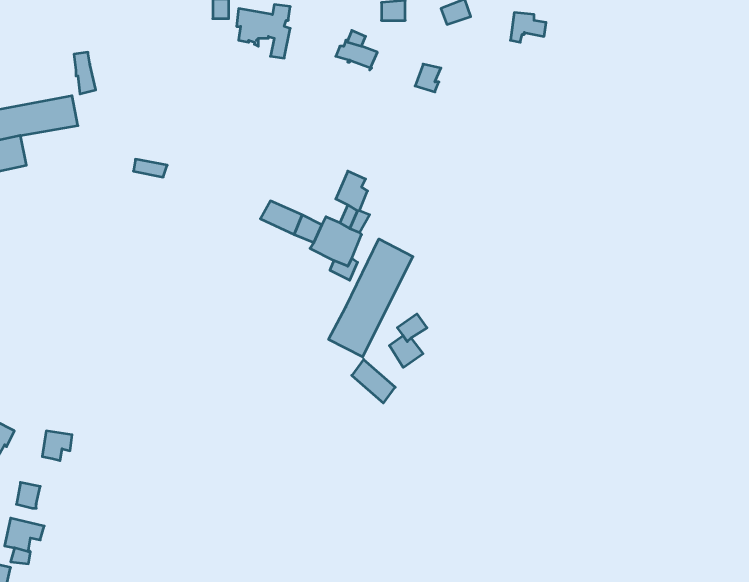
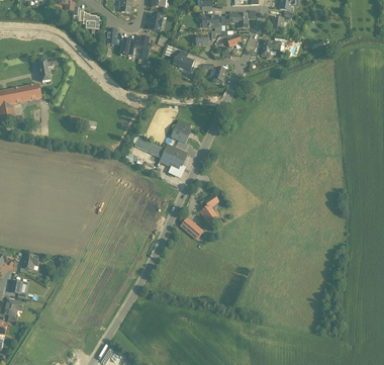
building: [329,239,413,357] -> none

